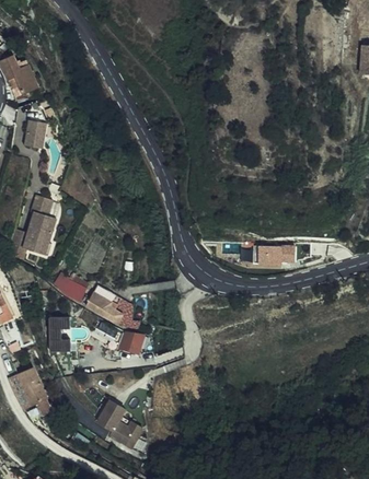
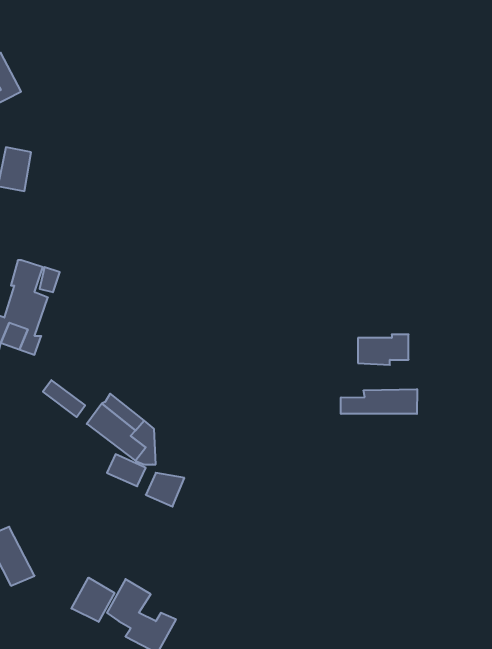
building: none -> [341,389,417,414]
building: [49,316,74,348] -> none
building: none -> [71,578,114,622]

